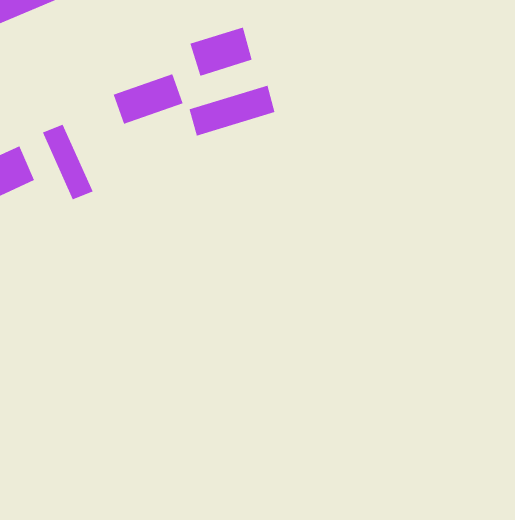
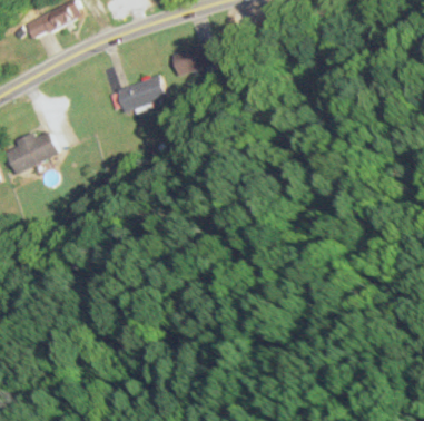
building: [189,85,275,137] -> none
building: [42,124,94,200] -> none

